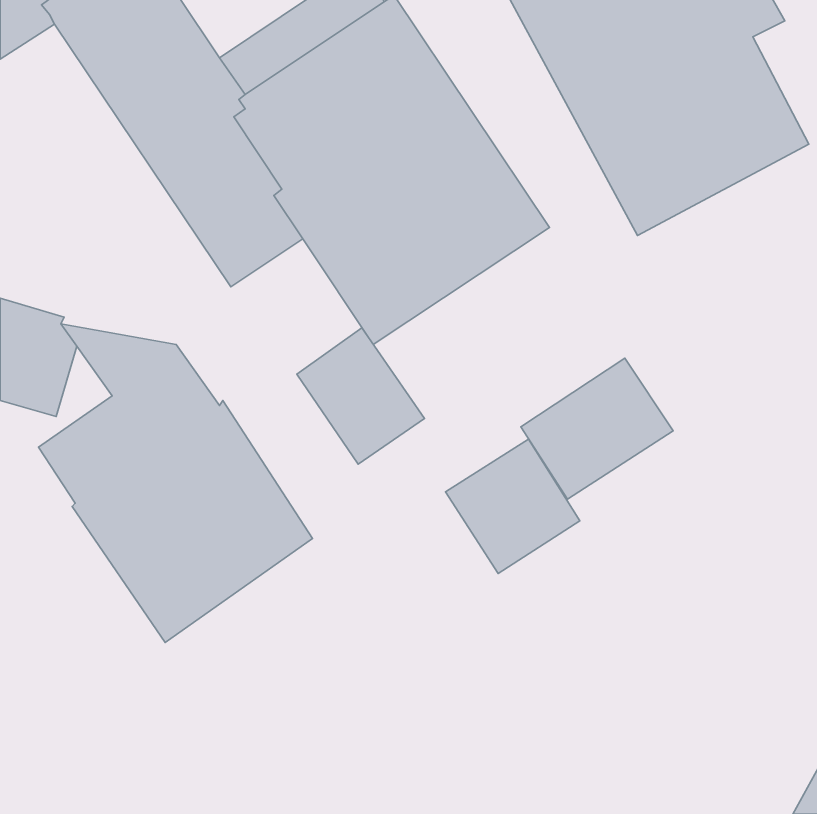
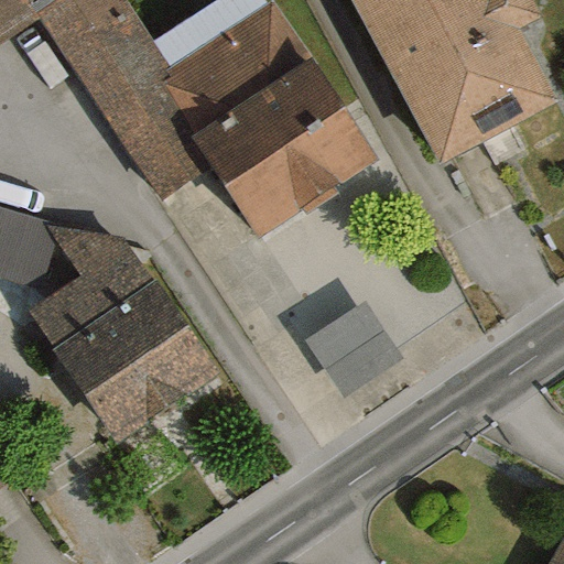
building: [297,328,425,464] -> none
building: [521,358,673,499] -> none

